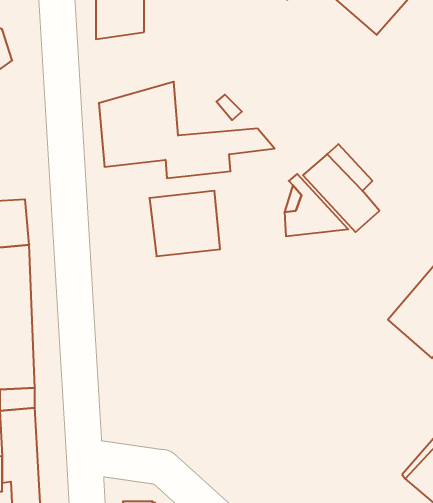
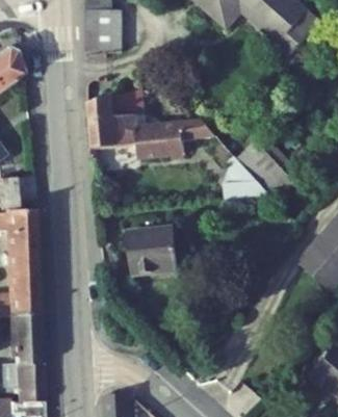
building: [149,191,220,256] -> [125,227,177,275]

